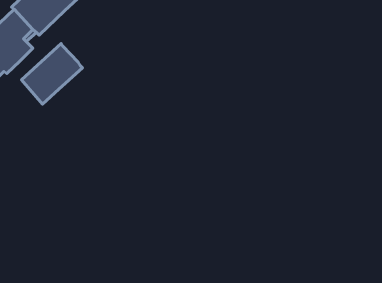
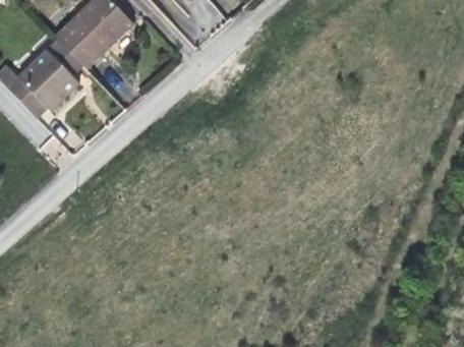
building: [21,43,82,104] -> none

